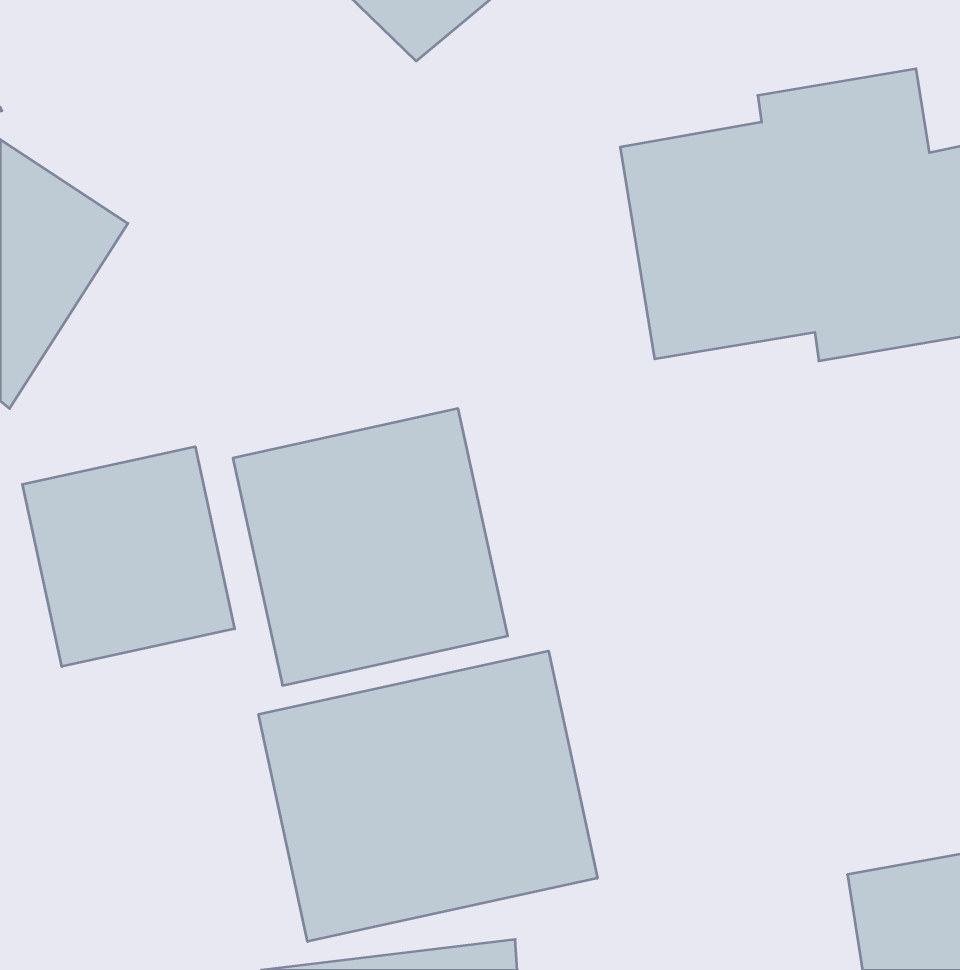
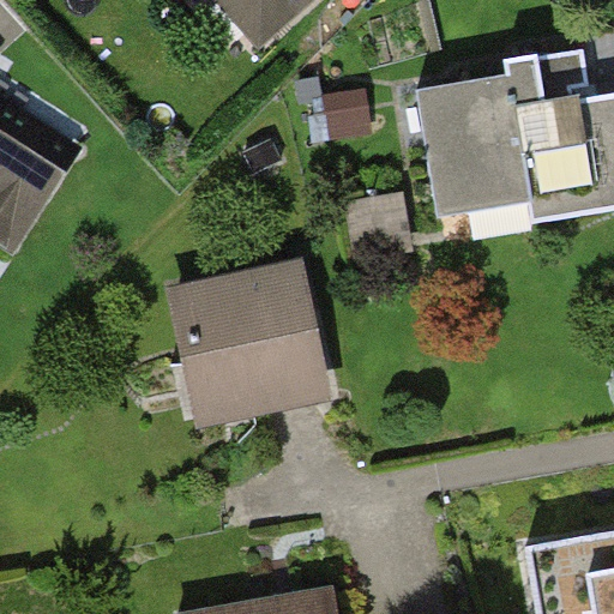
building: [22,447,235,667] -> none
building: [259,651,597,942] -> none

